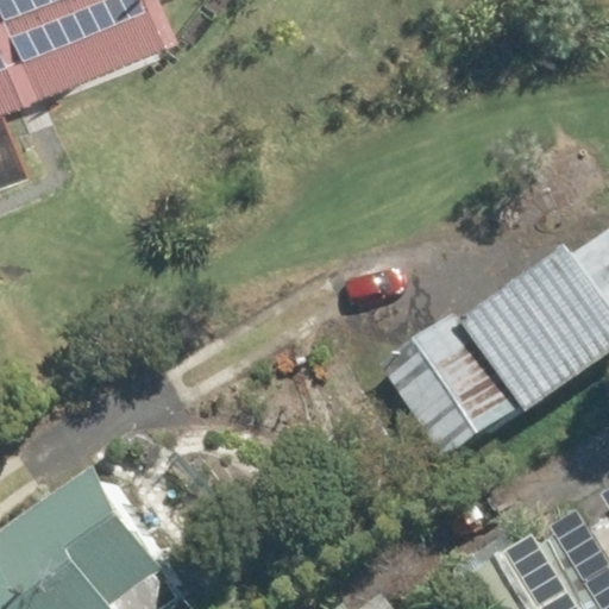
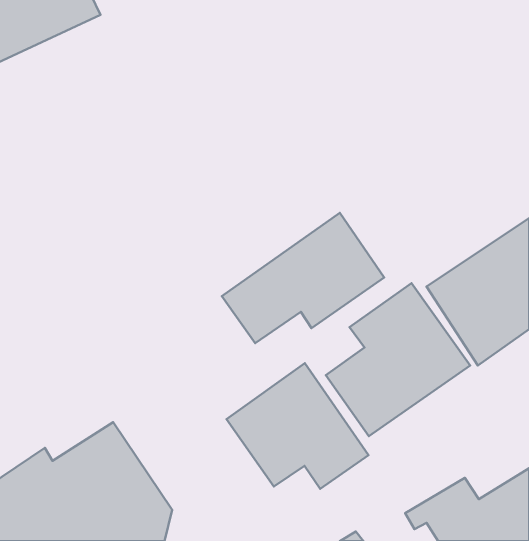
building: none -> [222,213,384,343]
building: none -> [226,363,369,489]

